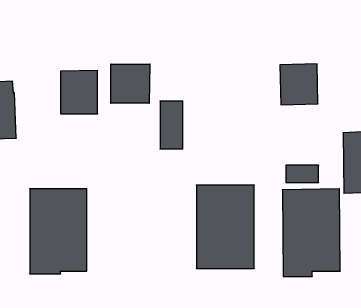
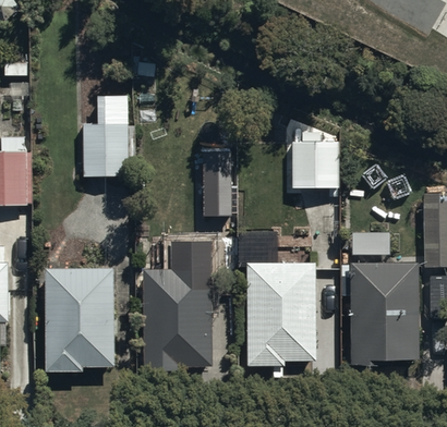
building: [280,64,318,105] -> [292,145,338,194]
building: [111,64,150,103] -> none
building: none -> [143,267,210,361]

